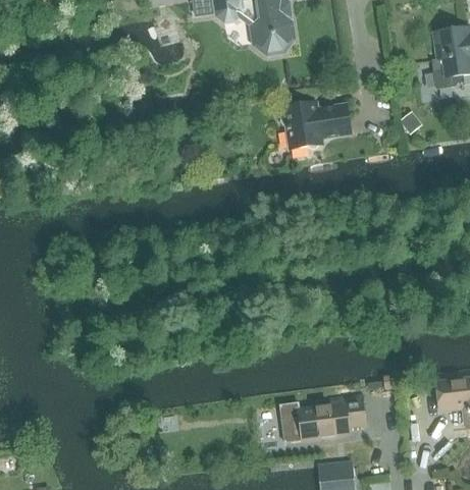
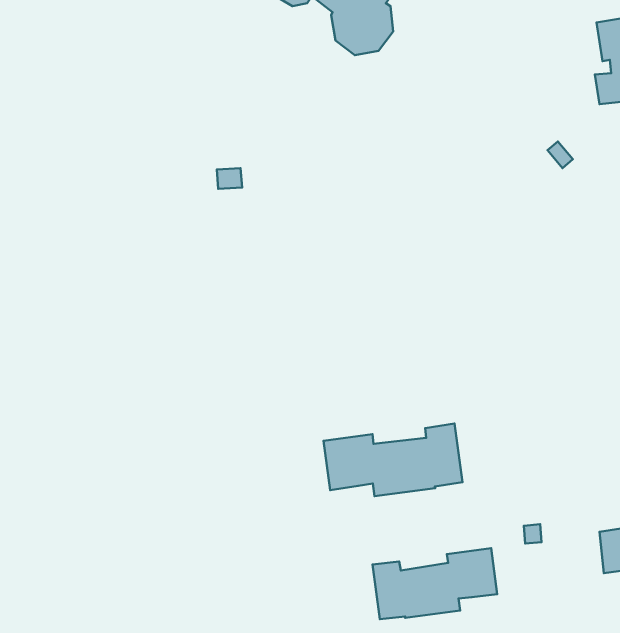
building: [279,103,350,149] -> none
building: none -> [323,423,462,496]

